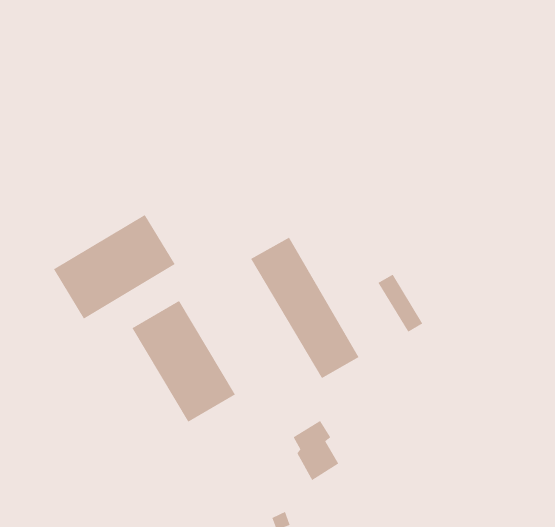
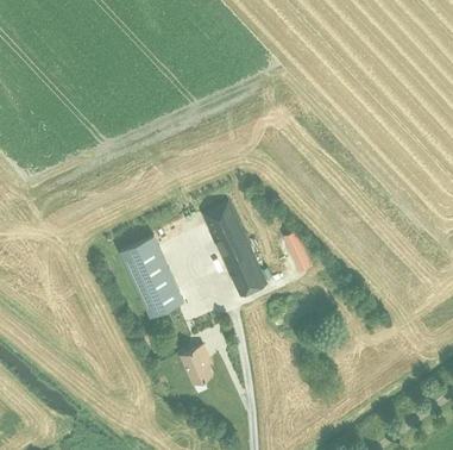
building: [53,214,175,319] -> none
building: [293,420,339,481] -> [184,345,213,385]

